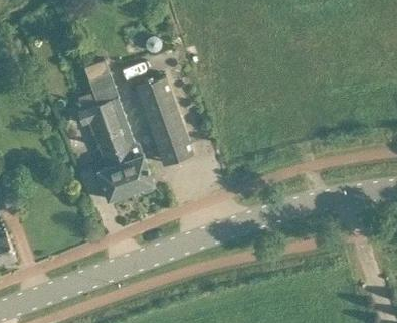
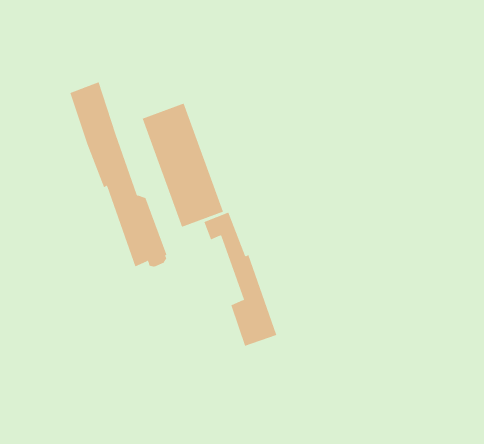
building: [78,106,131,201] -> [203,212,277,346]

